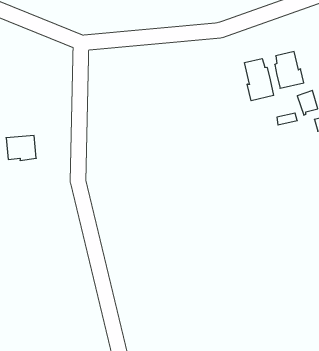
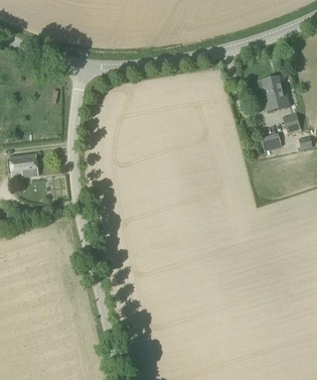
building: [245,59,274,101] -> none

